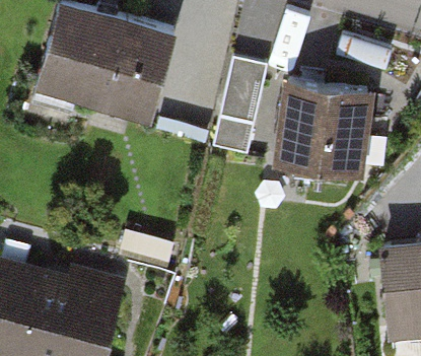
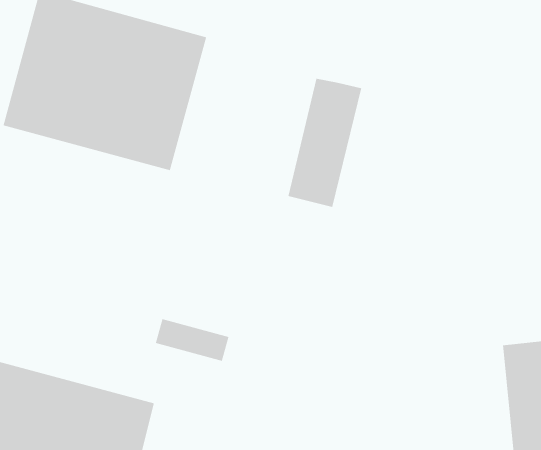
building: [283,77,376,177] -> none

